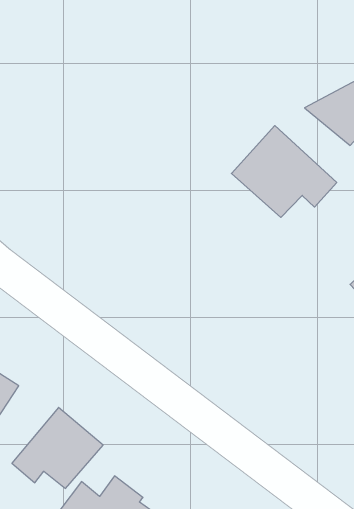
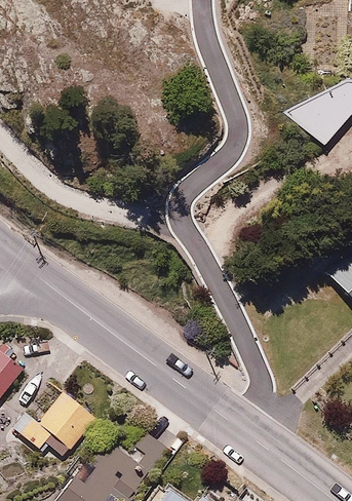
building: [231,126,337,217] -> none

